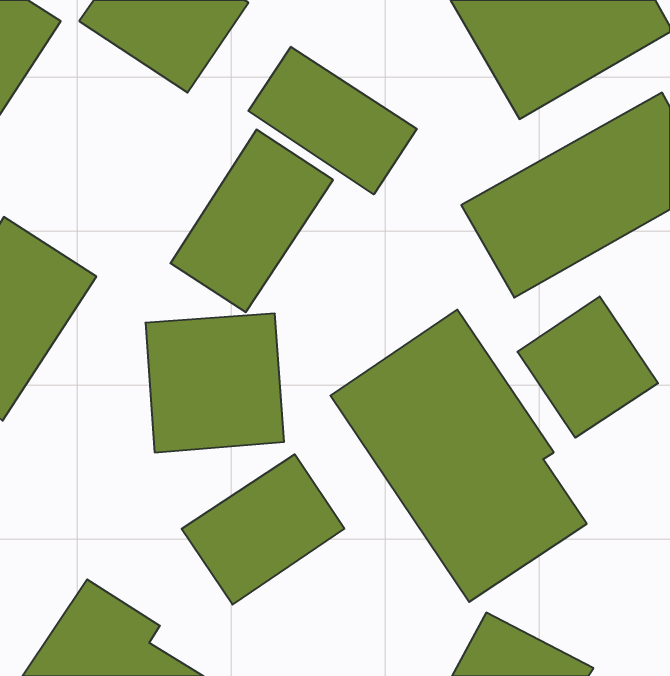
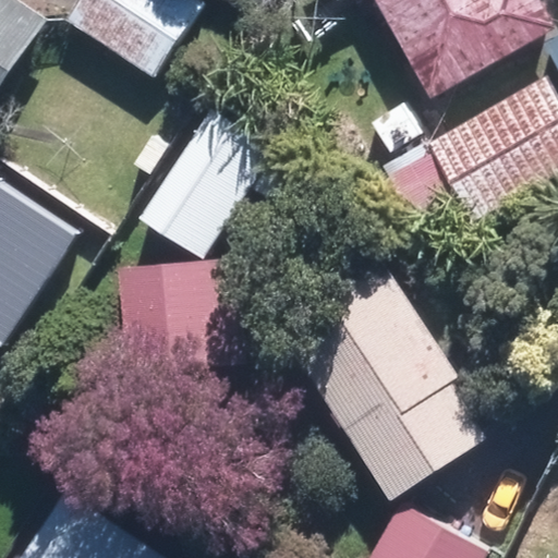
building: [248,47,417,194] -> none
building: [517,296,658,438] -> none
building: [182,454,344,605] -> none

